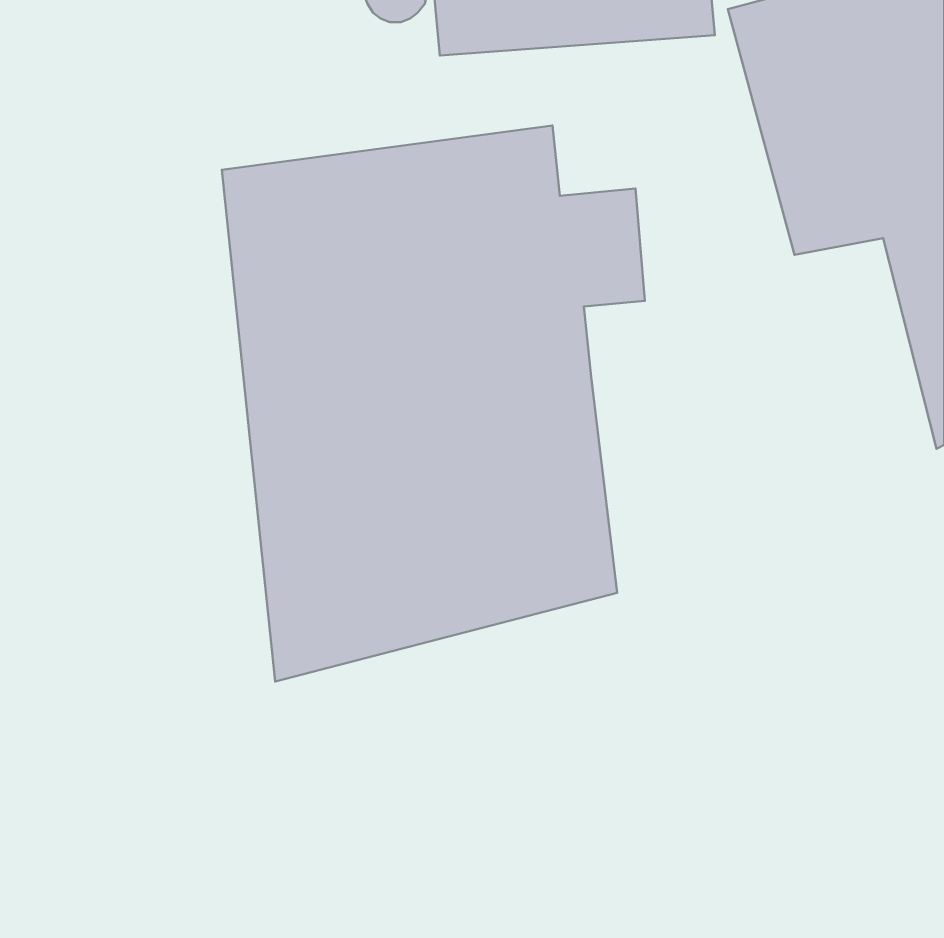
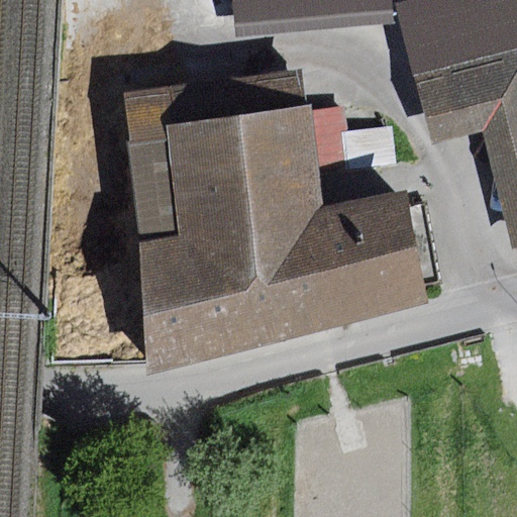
building: none -> [323,188,439,324]

